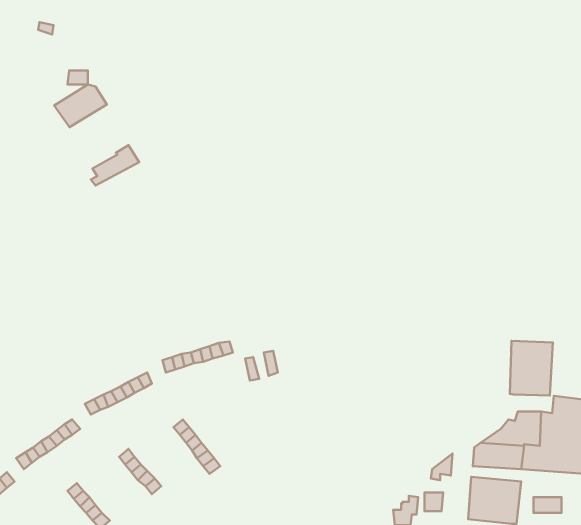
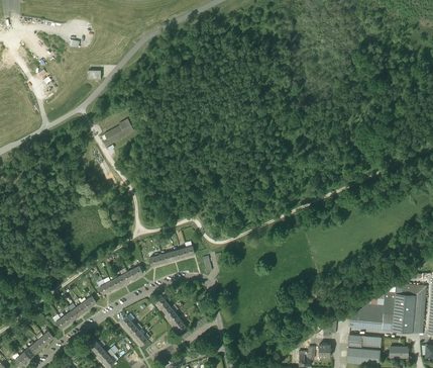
building: [54,84,107,127] -> none
building: [510,341,553,395] -> none

